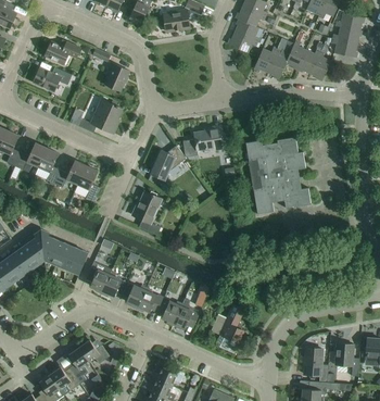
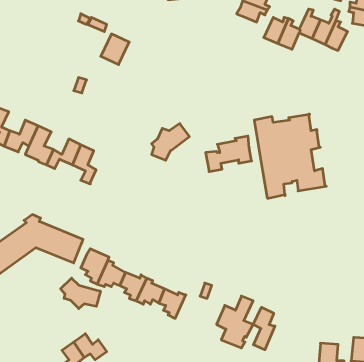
building: [45,41,80,64] -> none
building: [33,66,72,91] -> none
building: [77,99,123,133] -> none
building: [182,125,225,158] -> [206,136,252,172]
building: [132,191,161,235] -> none
building: none -> [61,278,100,309]
building: [173,298,199,328] -> none
building: none -> [253,307,275,350]

